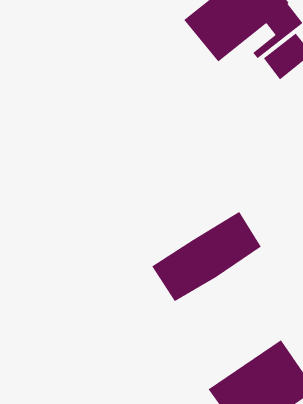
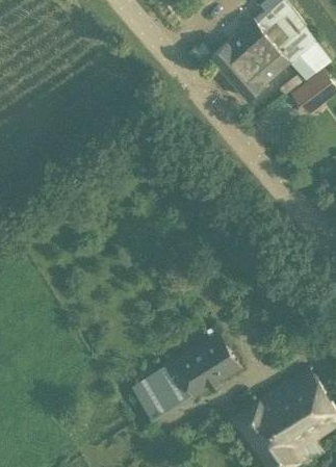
building: [151,211,262,302] -> [132,335,240,424]

